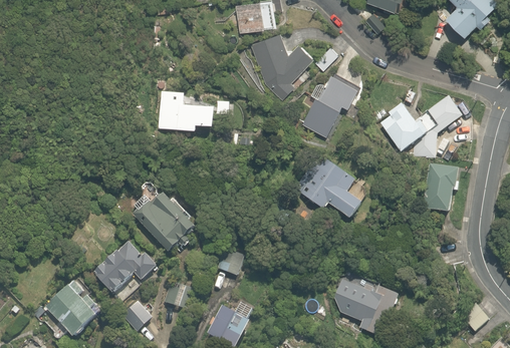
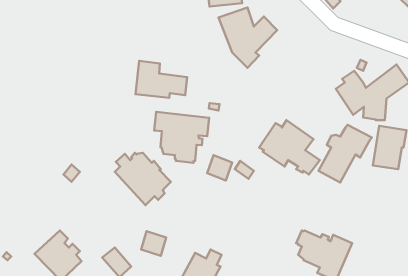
building: [301,71,360,135] -> [319,125,372,183]
building: none -> [154,112,209,163]
building: [93,241,157,293] -> none
building: [215,248,243,276] -> [207,155,232,181]

